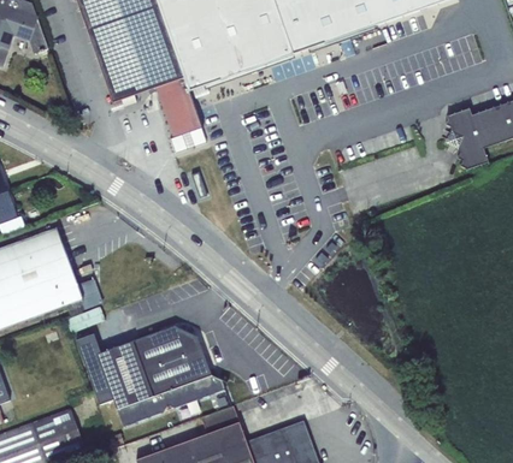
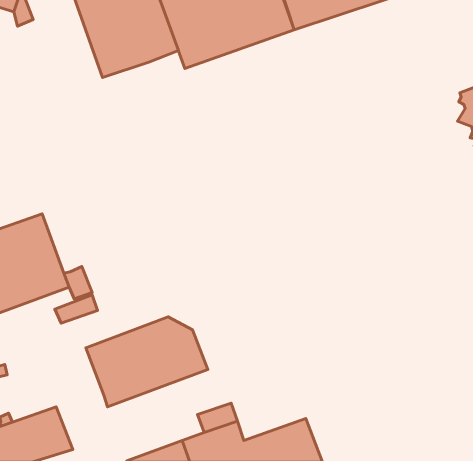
building: [155,76,201,136] -> none
building: [76,333,113,404] -> none
building: [117,374,224,426] -> none

